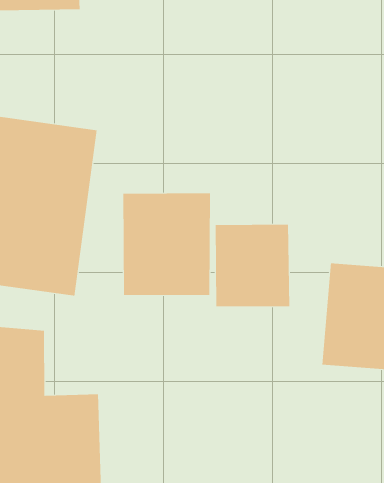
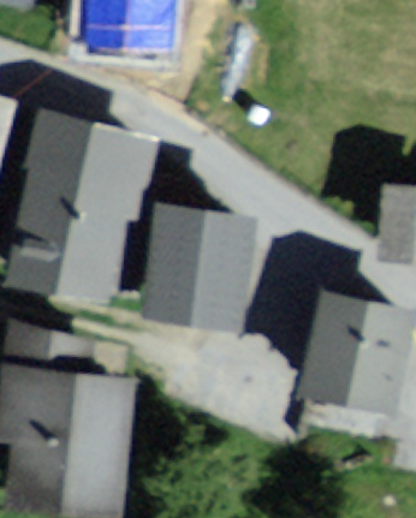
building: [215,224,290,307] -> none

